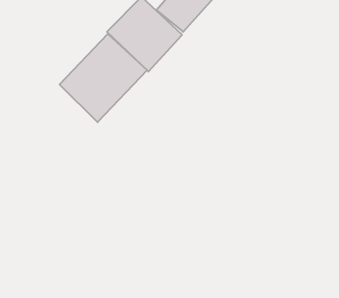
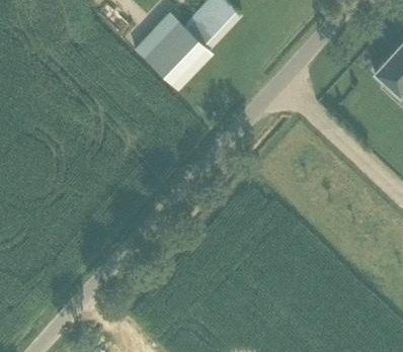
building: [60,34,147,122] -> none

